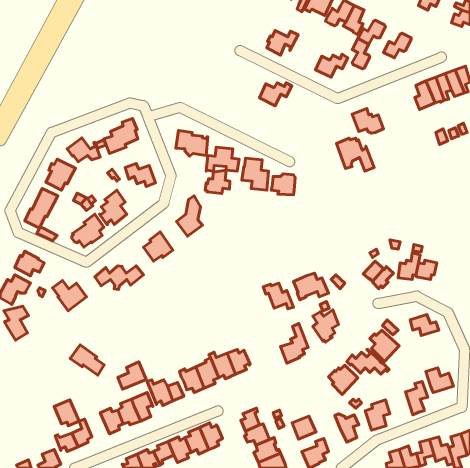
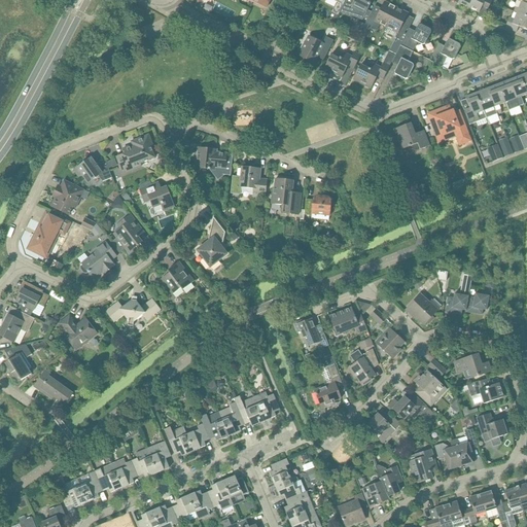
building: [260,83,292,106] -> [324,50,360,76]
building: [336,138,374,171] -> [428,106,470,143]
building: [205,170,230,194] -> none
building: none -> [376,326,405,357]
building: none -> [467,377,502,401]
building: [70,345,104,375] -> [34,368,72,402]
building: [118,362,146,389] -> none
building: none -> [434,438,462,468]
building: [54,400,79,426] -> [95,462,122,491]
building: [292,416,316,439] -> [362,480,389,505]

